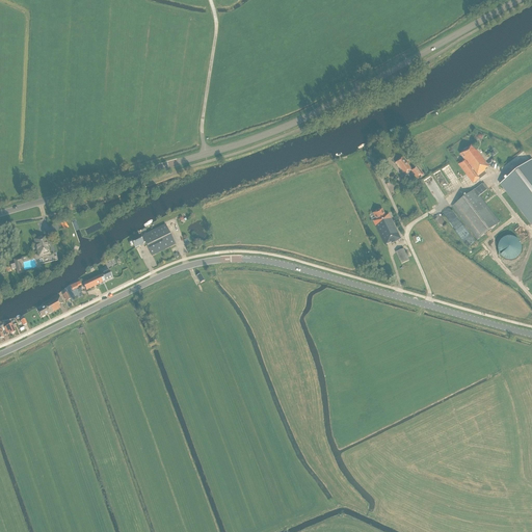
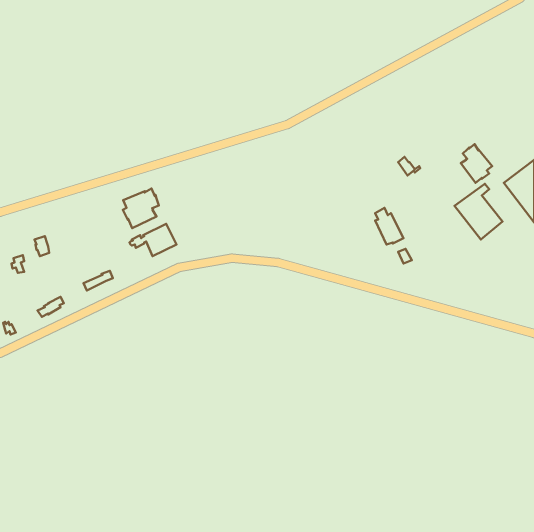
building: none -> [123,188,159,228]
building: [498,235,522,259] -> none

